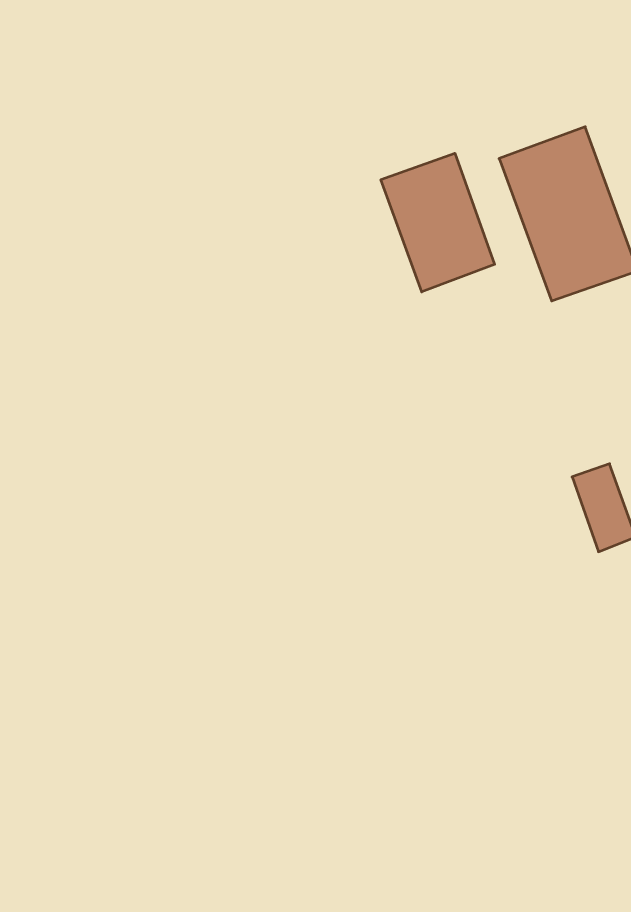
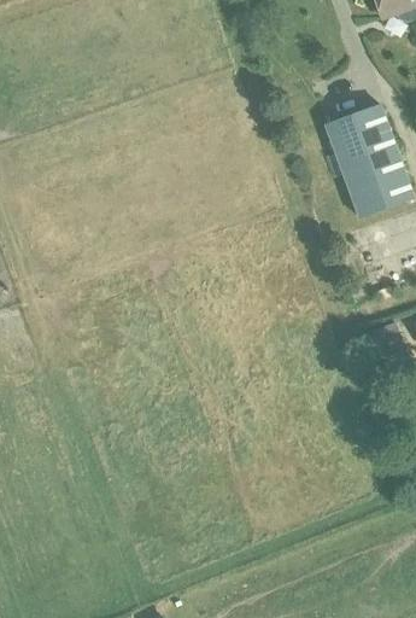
building: [381,153,495,292] -> none

